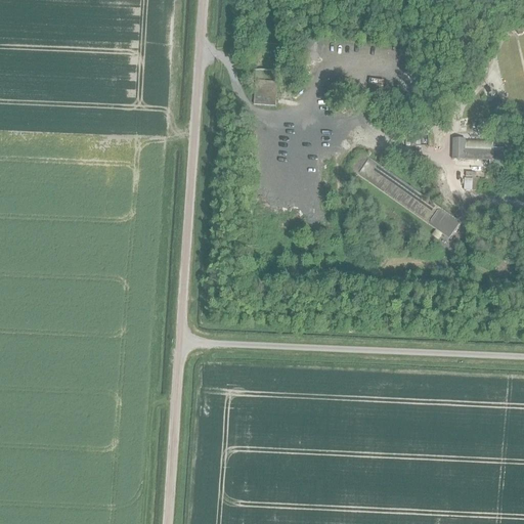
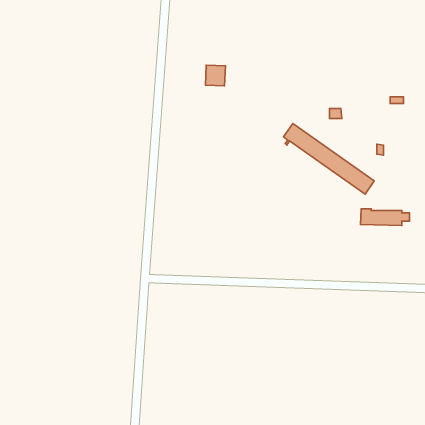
building: [452,139,513,160] -> [360,209,409,225]

